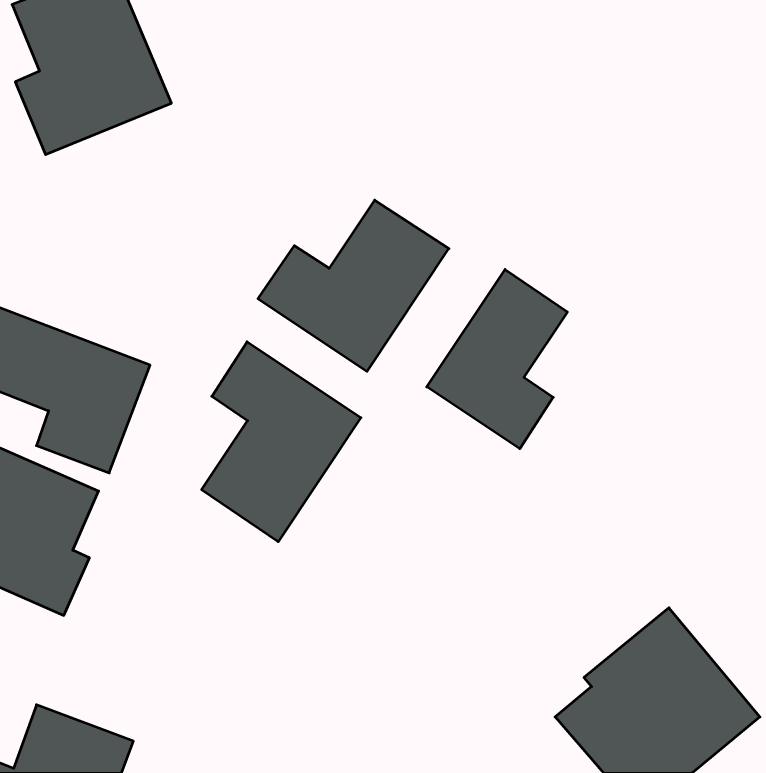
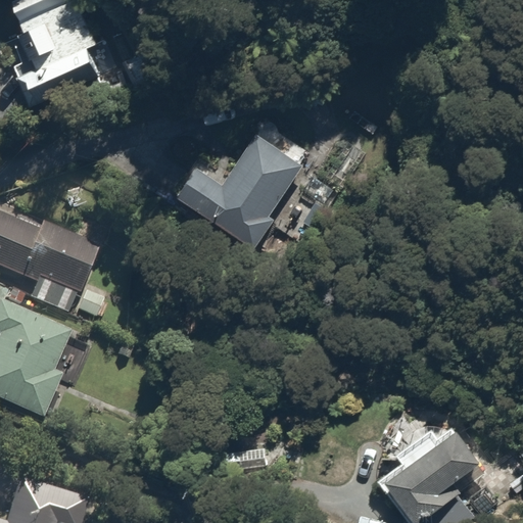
building: [427,269,567,449] -> none
building: [202,342,361,542] -> none

